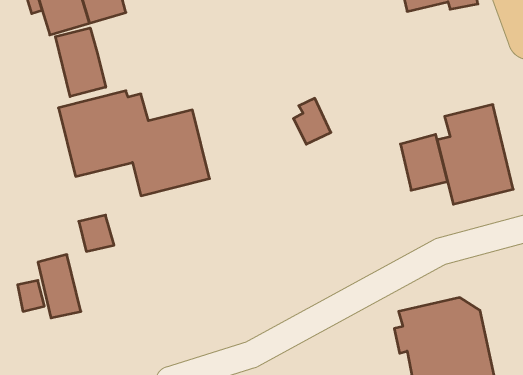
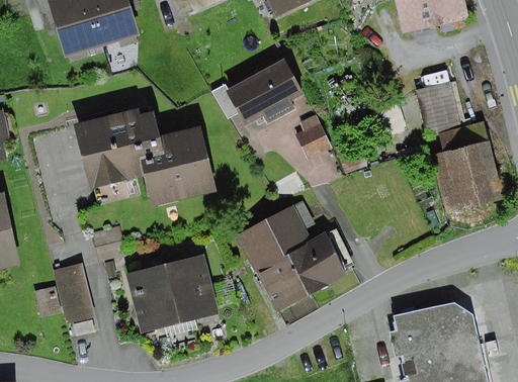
building: [55,28,106,97] -> none
building: none -> [229,63,299,122]
building: [400,134,448,190] -> [415,80,459,132]
building: none -> [248,206,358,307]
building: none -> [138,252,228,328]

